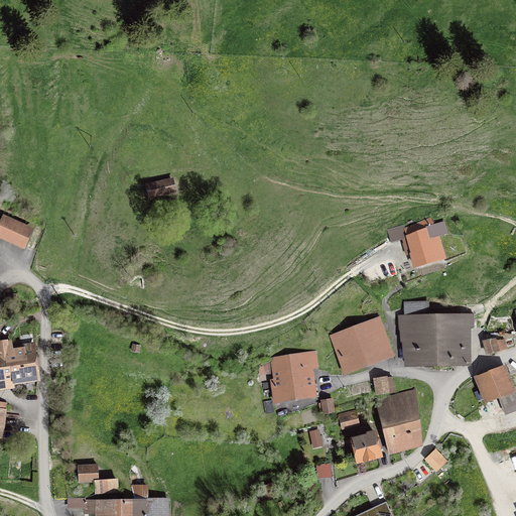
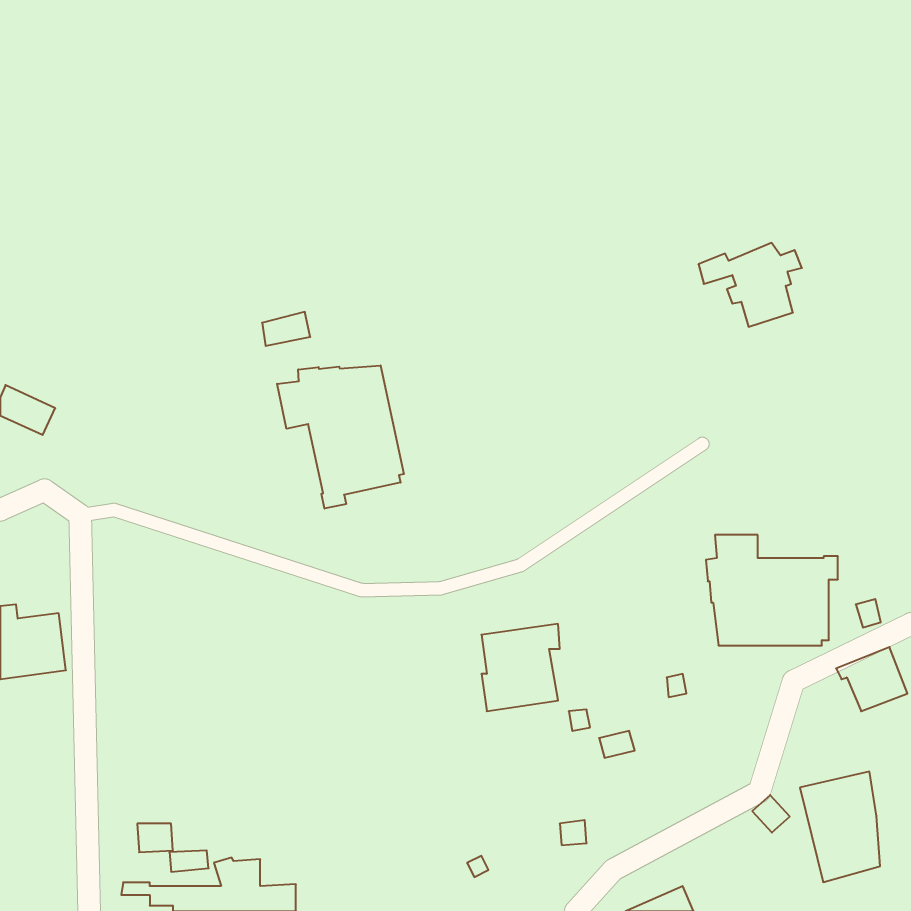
building: none -> [277,365,404,509]
building: [388,219,446,266] -> [698,243,802,327]
building: [332,318,393,373] -> none
building: [376,391,421,454] -> [800,772,880,882]
building: [353,431,382,462] -> none

